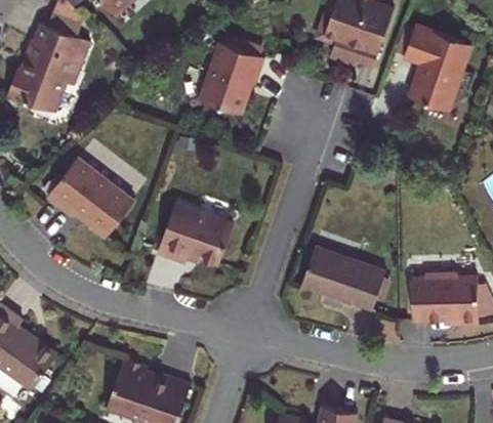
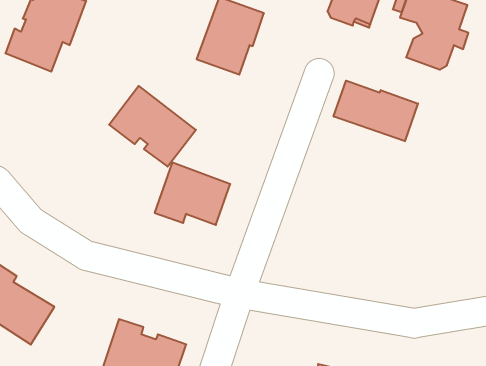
building: none -> [334,81,418,141]
building: [47,158,134,239] -> [109,86,196,167]
building: [305,248,385,309] -> none
building: [412,272,479,324] -> none

